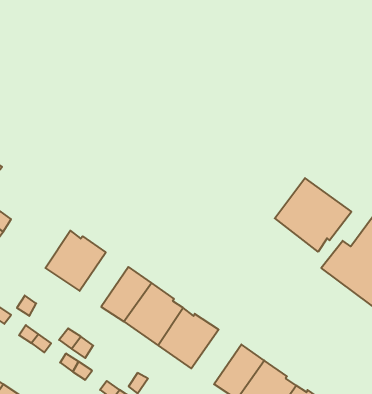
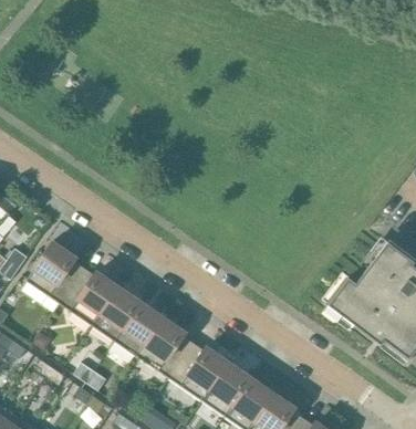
building: [275,178,351,252] -> none
building: none -> [27,242,85,303]
building: none -> [94,287,142,341]
building: none -> [202,363,251,416]

